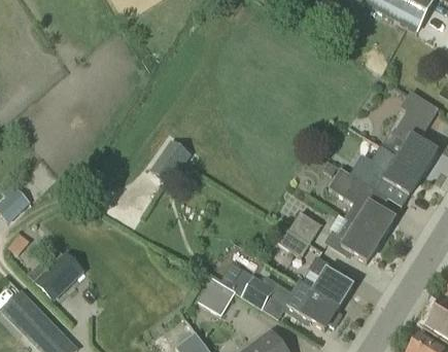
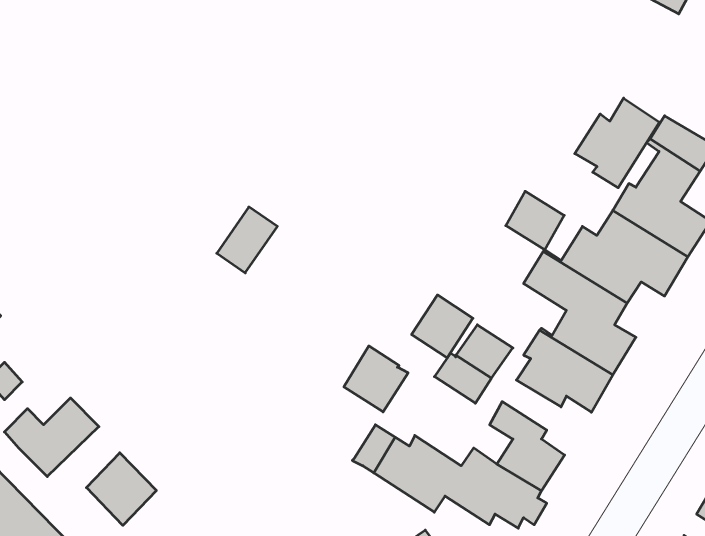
building: none -> [575,98,660,188]
building: none -> [506,191,564,250]
building: none -> [412,295,473,358]
building: [199,277,236,315] -> [344,346,408,412]
building: none -> [86,453,156,525]

